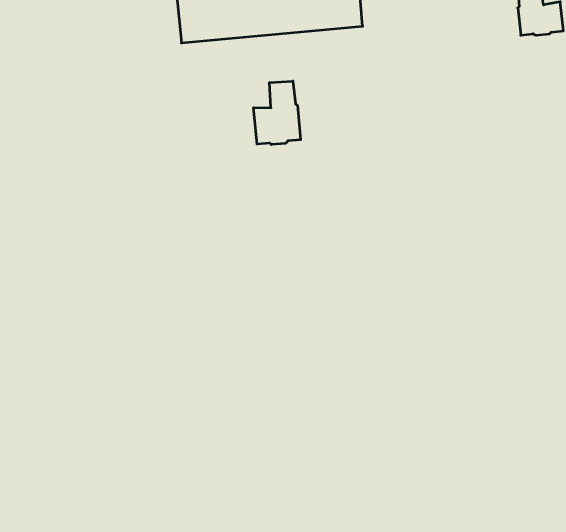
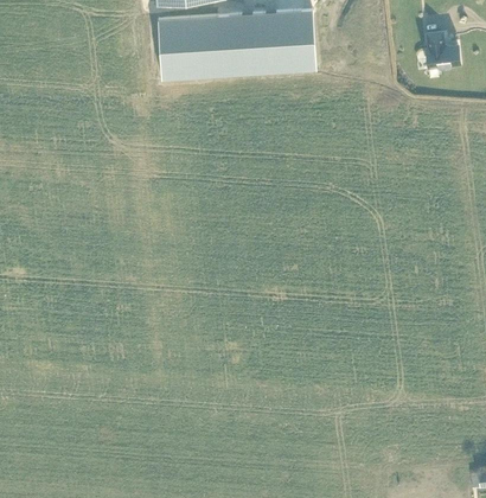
building: [254,81,301,145] -> none

